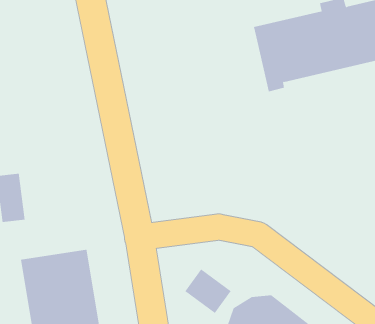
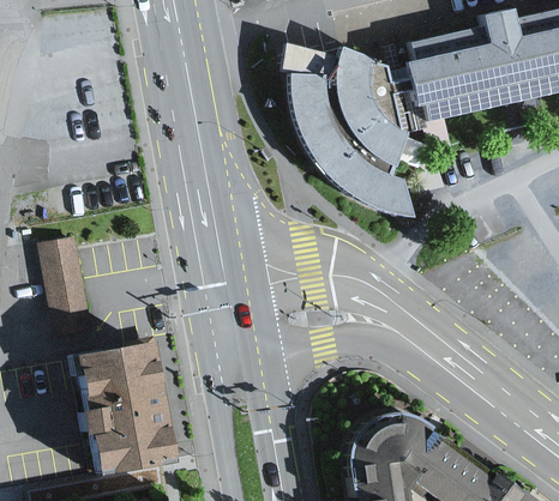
building: none -> [283,43,431,218]
building: [185,268,231,314] -> none

